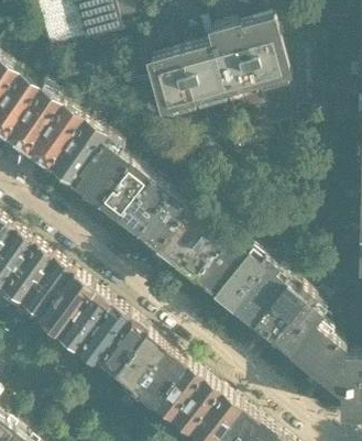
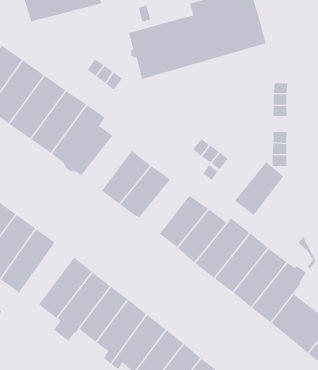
building: [102,169,153,224] -> none
building: [161,213,211,268] -> [234,161,284,216]
building: [41,277,95,340] -> none

